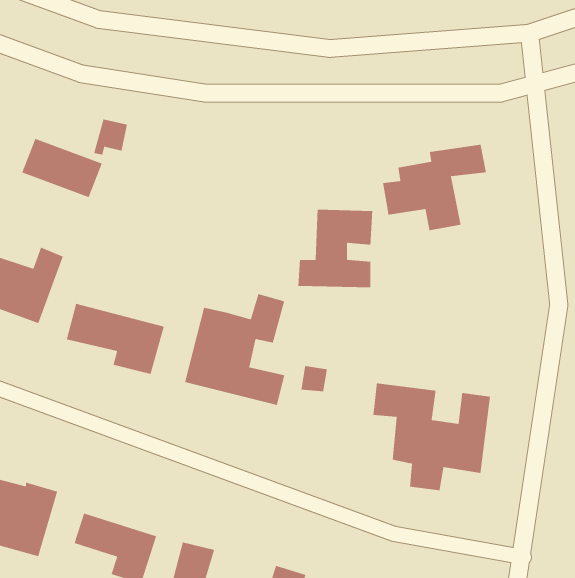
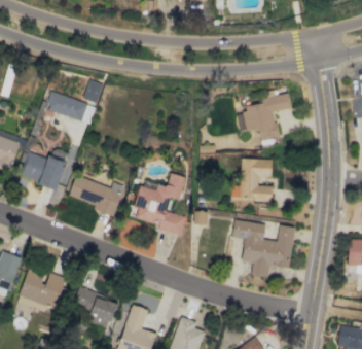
building: [297,209,373,288] -> [232,159,273,201]

